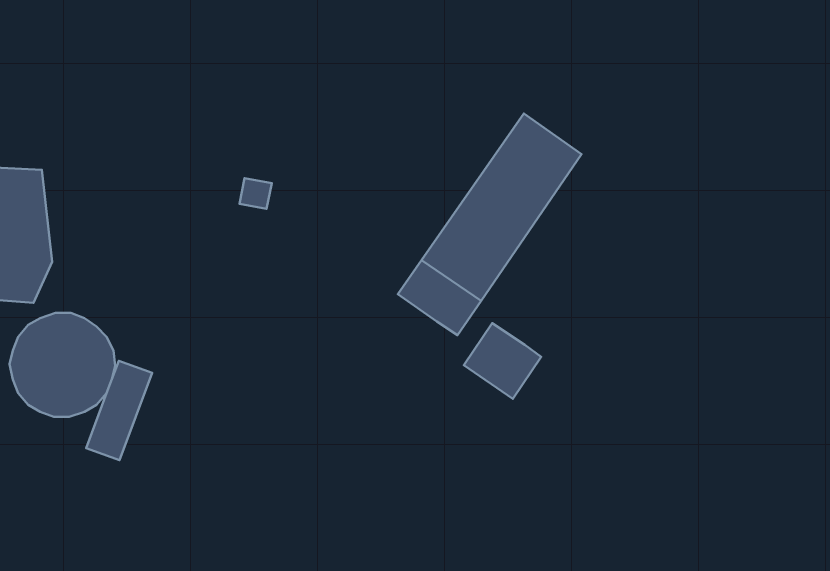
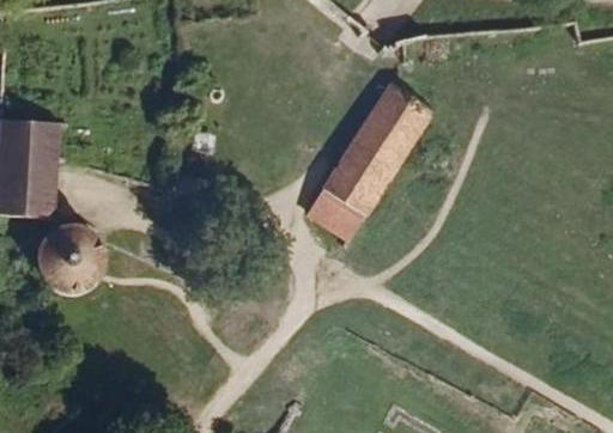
building: [464,323,541,399] -> none
building: [86,361,152,460] -> none

